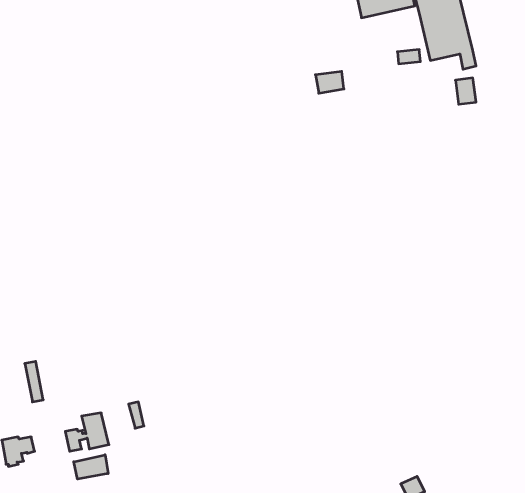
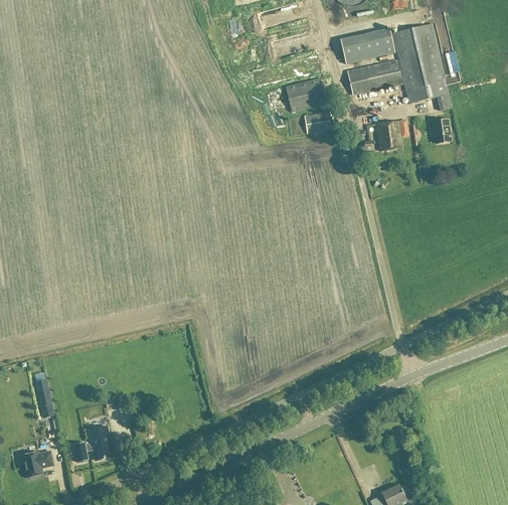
building: none -> [348,58,402,94]
building: none -> [286,77,326,111]
building: none -> [376,120,402,149]
building: [74,455,108,479] -> none

